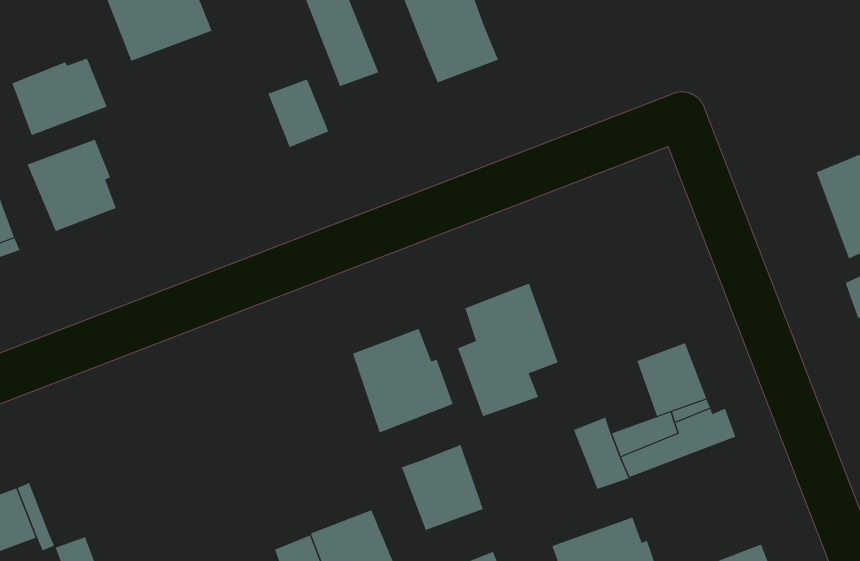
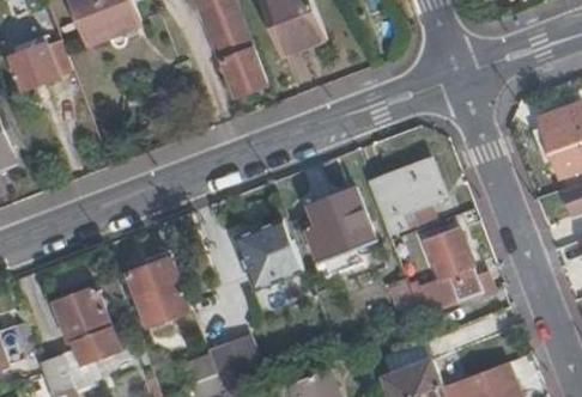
building: [268,79,329,148] -> [226,50,267,96]
building: [27,139,117,232] -> none
building: none -> [366,160,441,231]
building: none -> [127,258,190,325]
building: none -> [54,286,119,364]
building: [401,444,484,531] -> none

